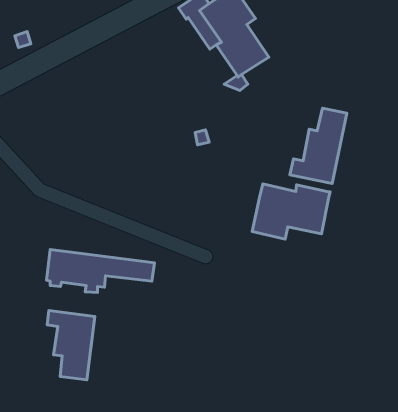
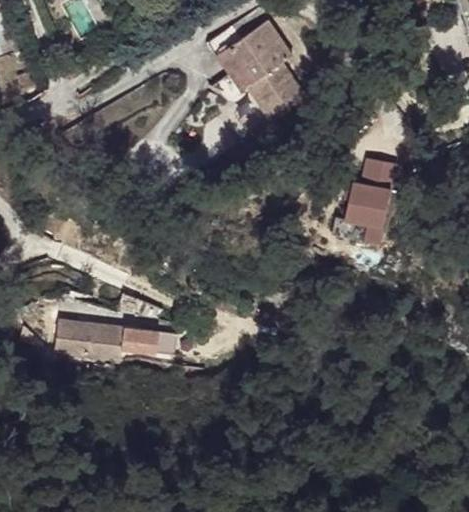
building: [252,184,330,239] -> none
building: [47,311,95,380] -> none

